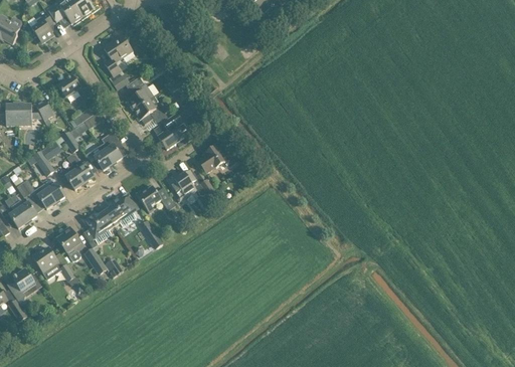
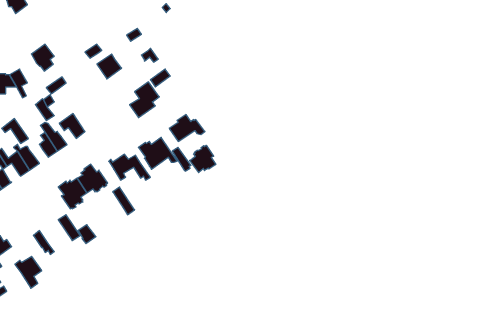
building: [104,36,133,76] -> none
building: [135,97,168,125] -> none
building: [101,132,123,164] -> none
building: none -> [190,145,216,173]
building: [57,229,83,261] -> none
building: [32,248,59,281] -> [15,256,42,288]

